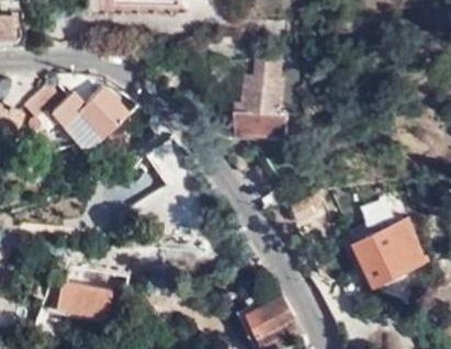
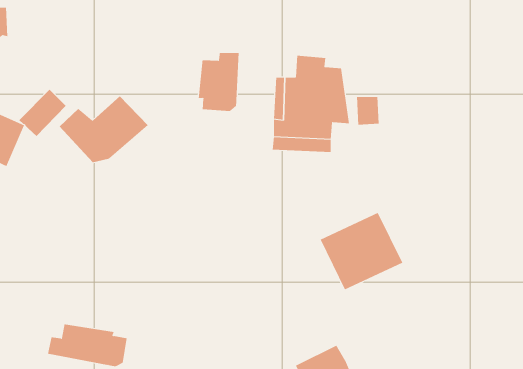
building: none -> [198,52,239,112]
building: [357,223,427,289] -> [320,212,403,290]

